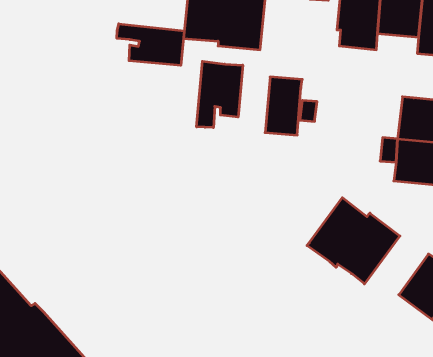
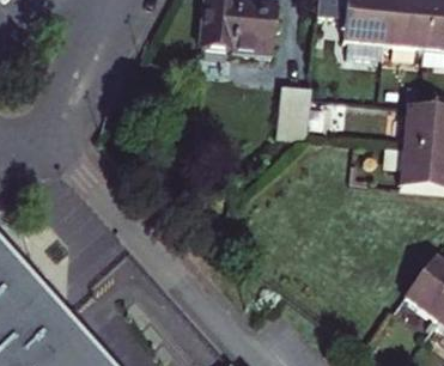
building: [117,24,184,65] -> none
building: [197,61,243,128] -> none
building: [307,198,400,284] -> none

